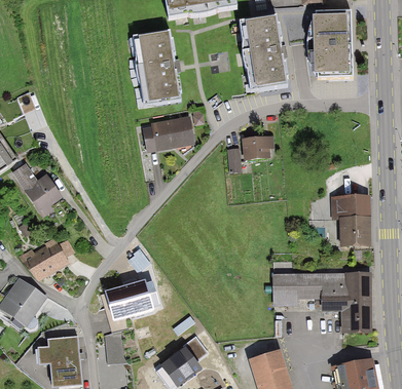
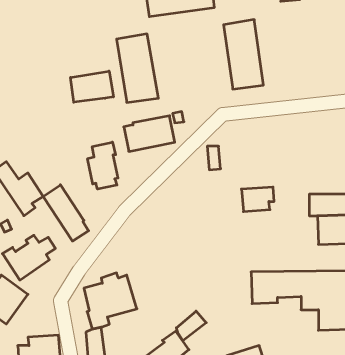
building: [315,15,350,78] -> none
building: none -> [71,71,113,102]
building: [242,135,275,160] -> [241,187,274,212]
building: none -> [88,142,118,189]
building: none -> [43,185,89,241]
building: none -> [176,311,206,341]

